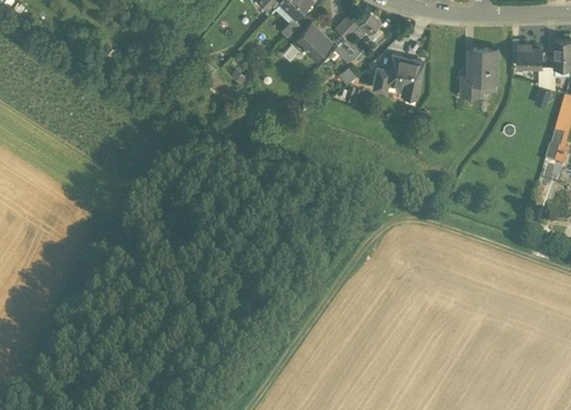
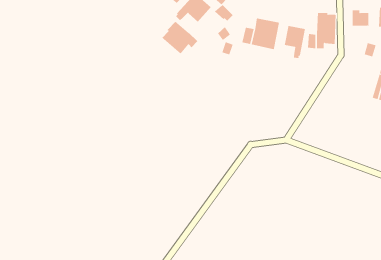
building: none -> [161,21,198,55]
building: none -> [284,25,305,59]

